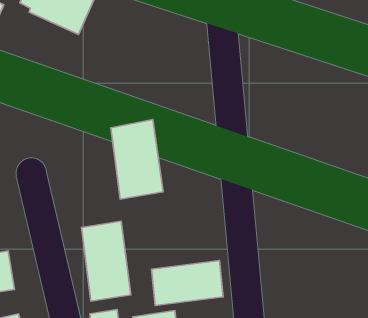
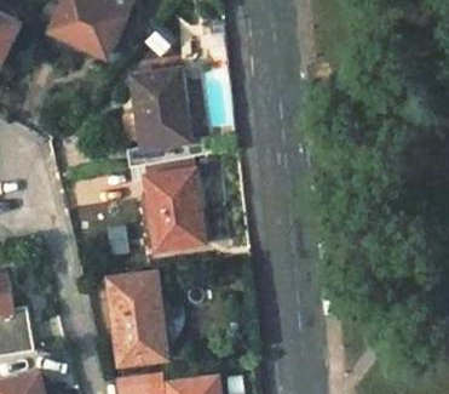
building: none -> [131,67,211,164]
building: [152,260,223,306] -> none

